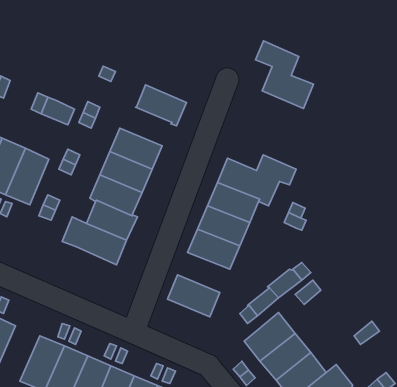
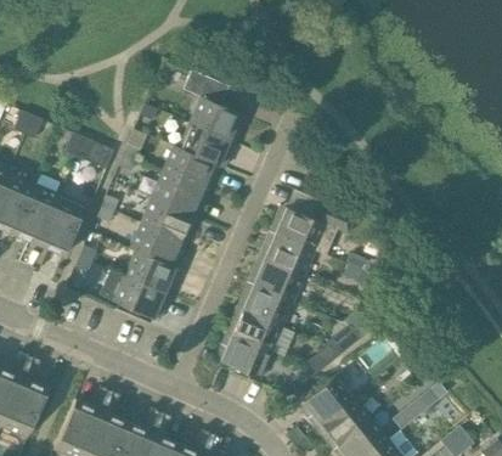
building: [256,41,313,109] -> [182,69,246,143]
building: none -> [162,145,219,191]
building: none -> [225,308,282,351]

